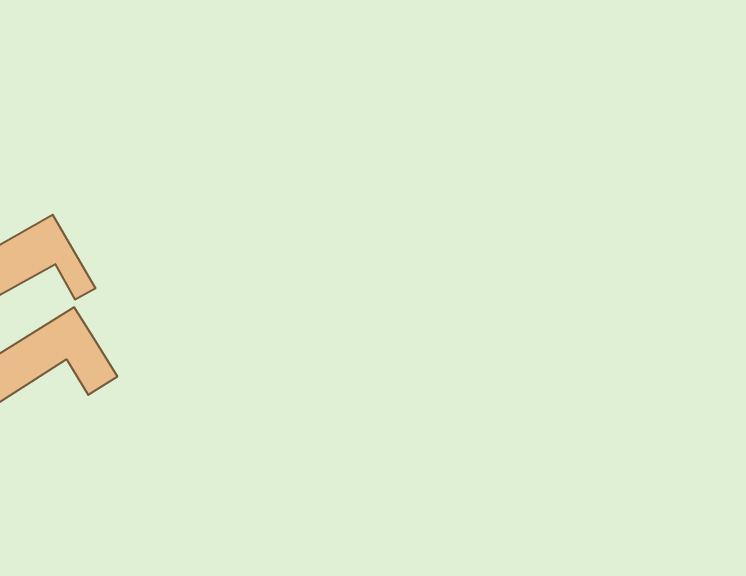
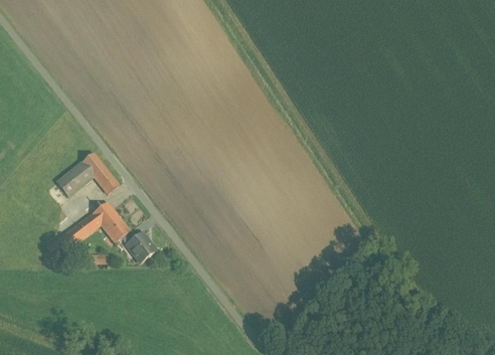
building: none -> [125,230,157,264]

